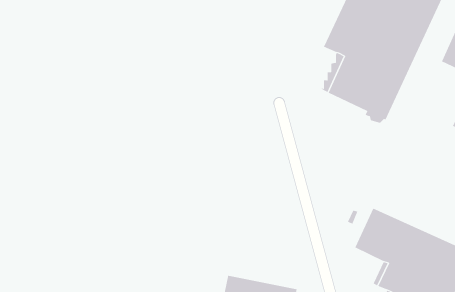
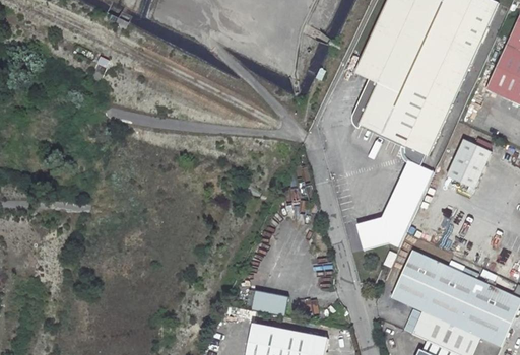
building: none -> [448,139,491,187]
building: none -> [356,159,431,250]
building: none -> [253,289,288,314]

